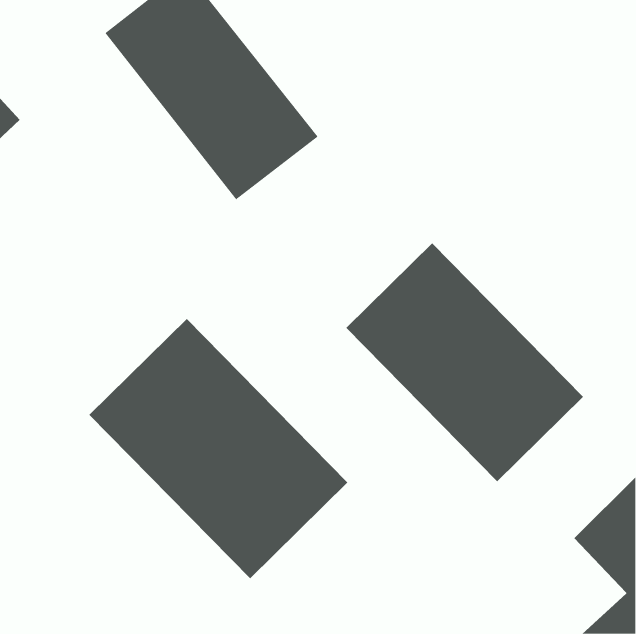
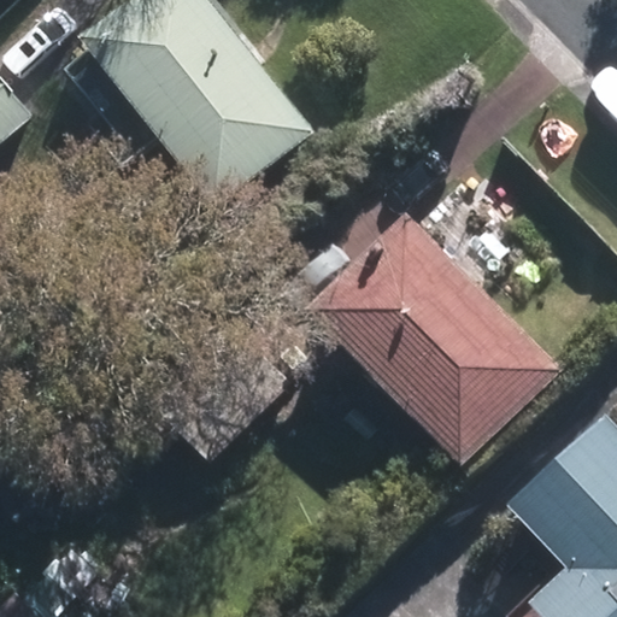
building: [88,318,348,579] -> none

